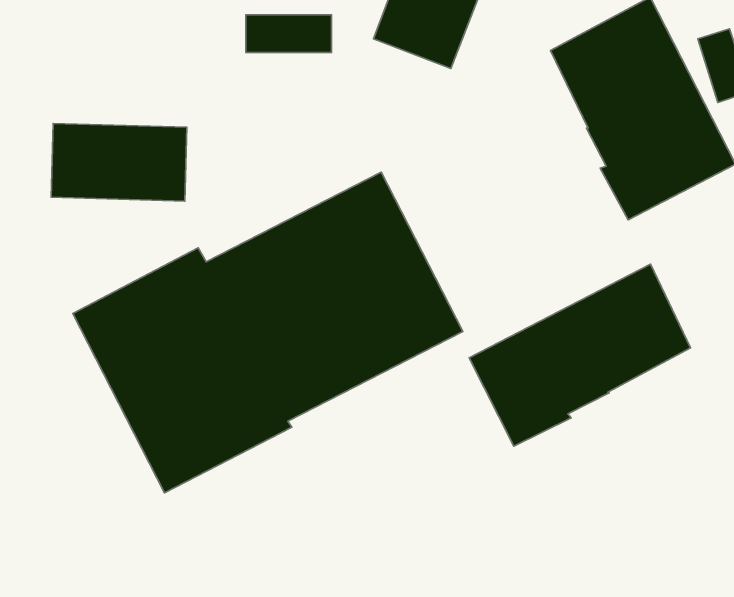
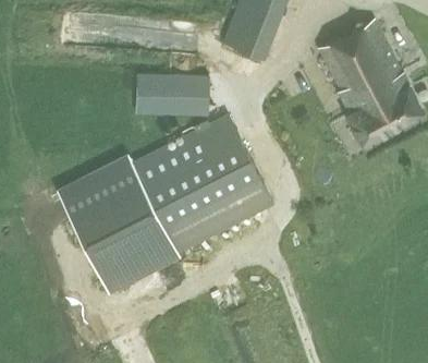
building: [51,123,187,201] -> [136,73,210,116]
building: [469,264,690,446] -> none

